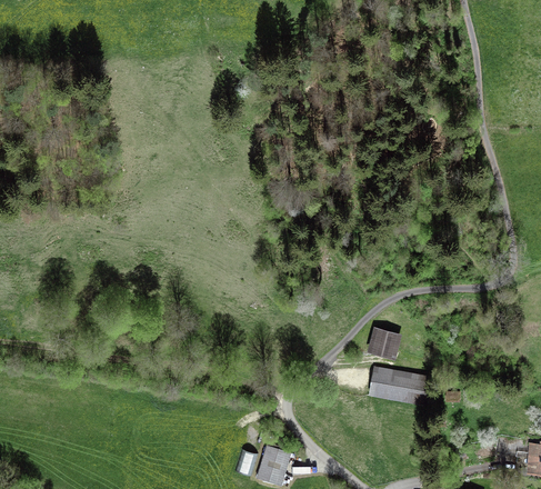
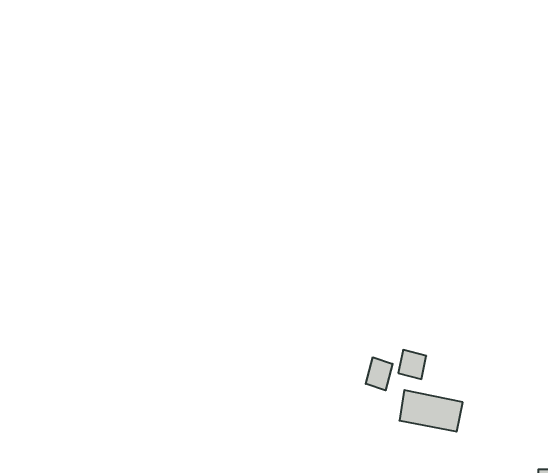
building: none -> [366,357,393,390]

